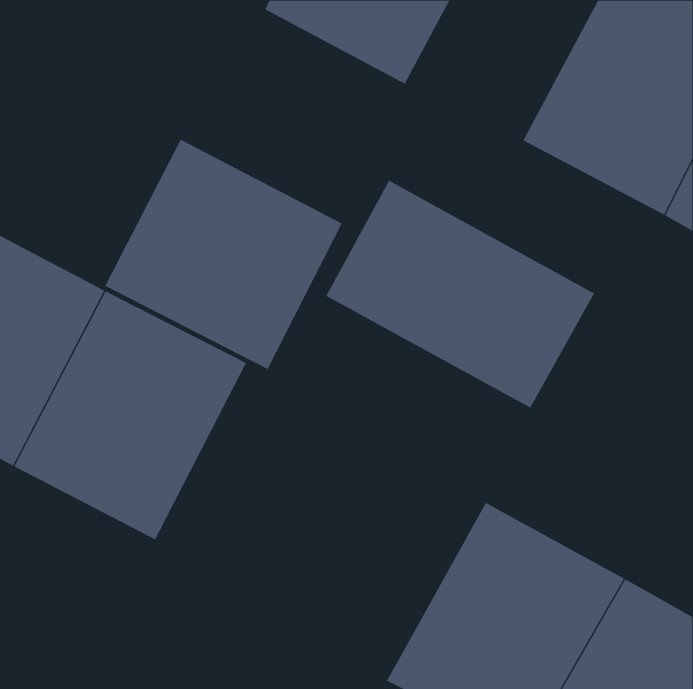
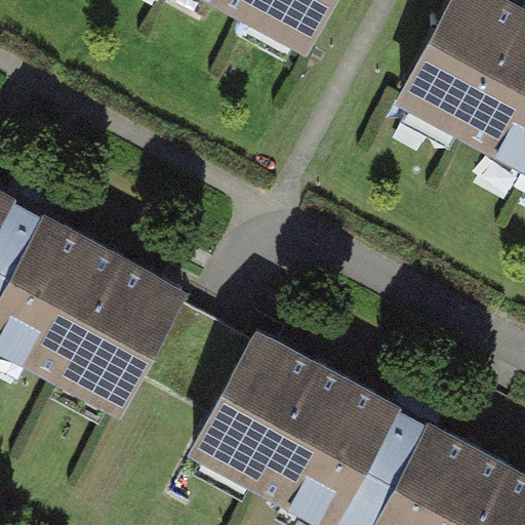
building: [105,139,343,370] -> none
building: [325,180,595,408] -> none
building: none -> [187,326,365,518]

